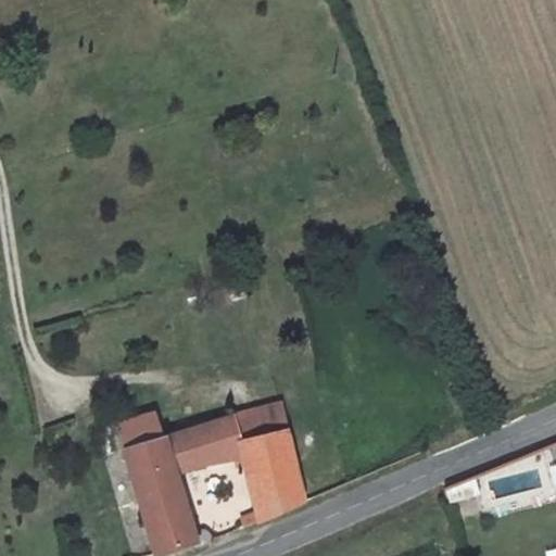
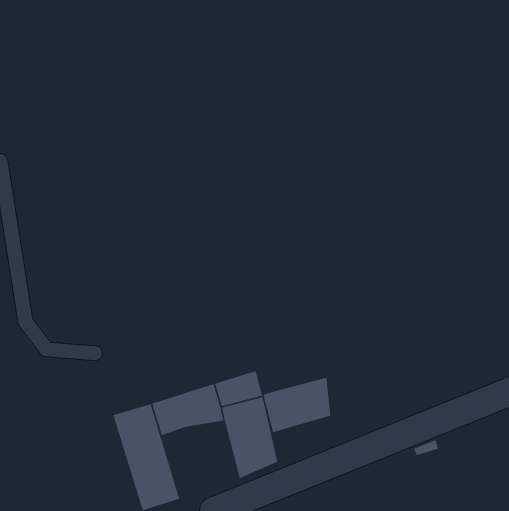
building: none -> [263,377,331,433]
building: [119,412,163,450] -> none

